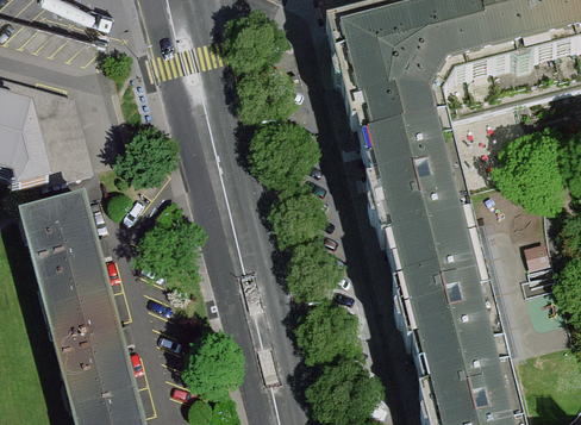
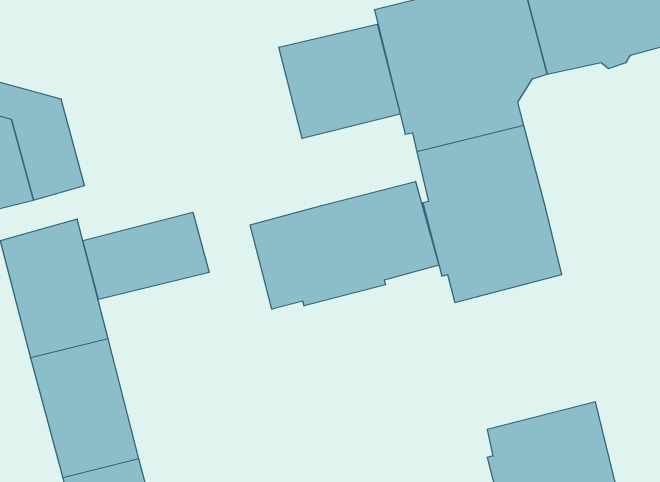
building: none -> [279,24,400,139]
building: none -> [250,181,439,309]
building: none -> [83,212,209,300]
building: [391,242,505,368] -> none

